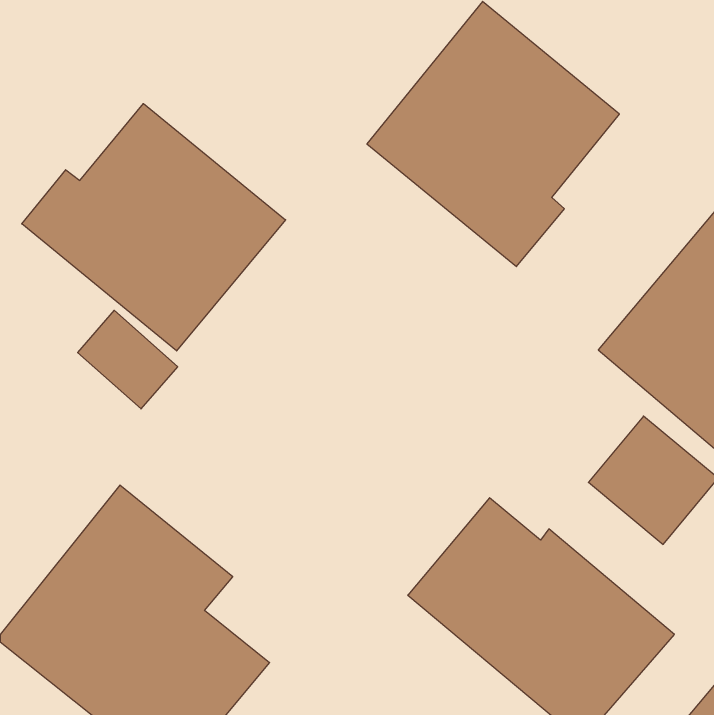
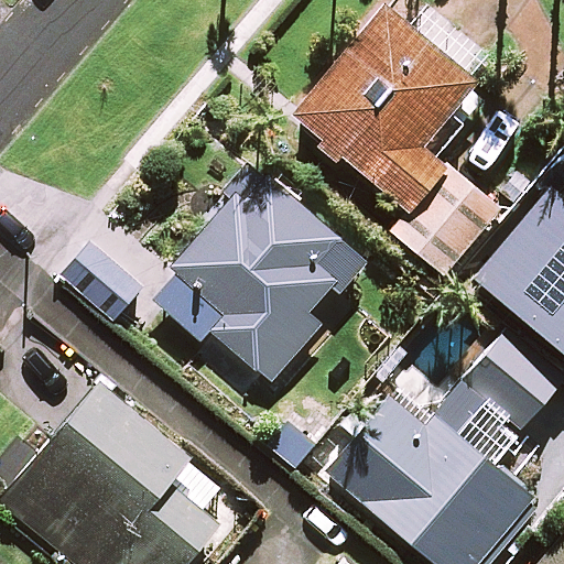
building: [22,104,286,351] -> none
building: none -> [149,169,367,383]

